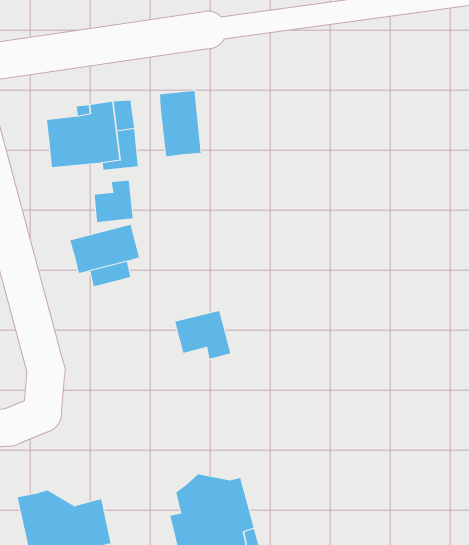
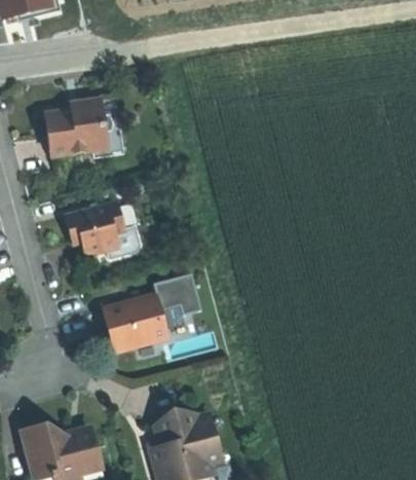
building: [159,90,201,157] -> none
building: [94,180,133,223] -> none
building: none -> [101,296,165,350]

